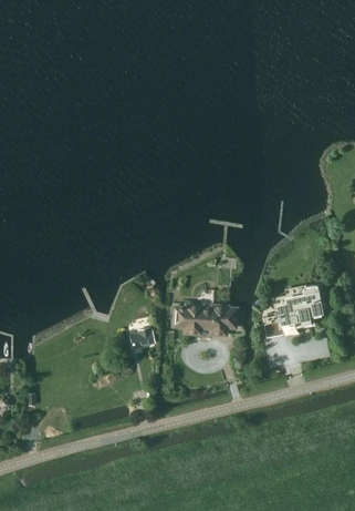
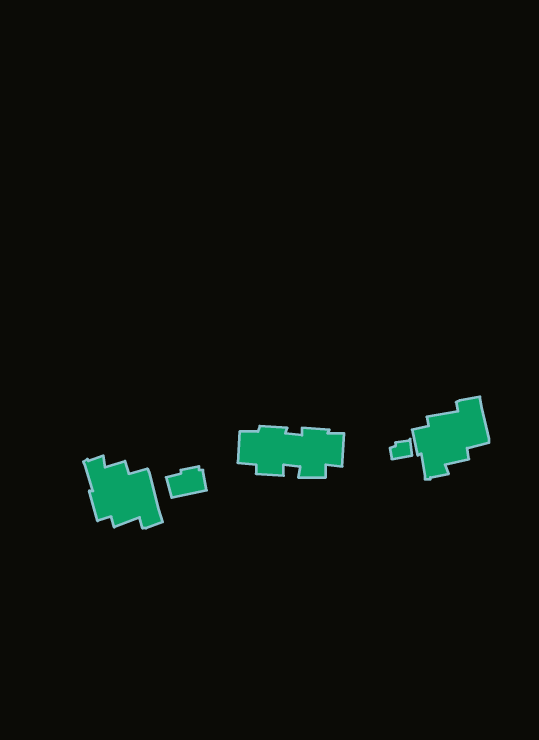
building: none -> [83,456,163,528]

